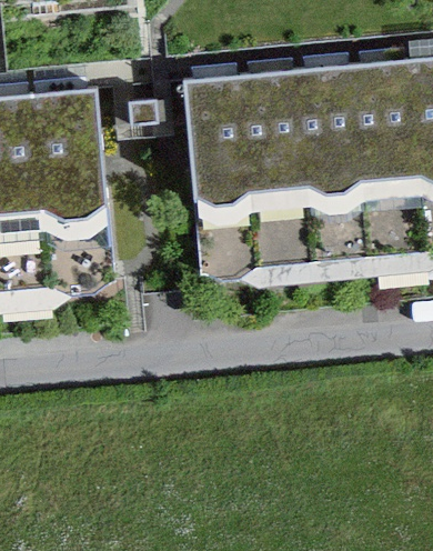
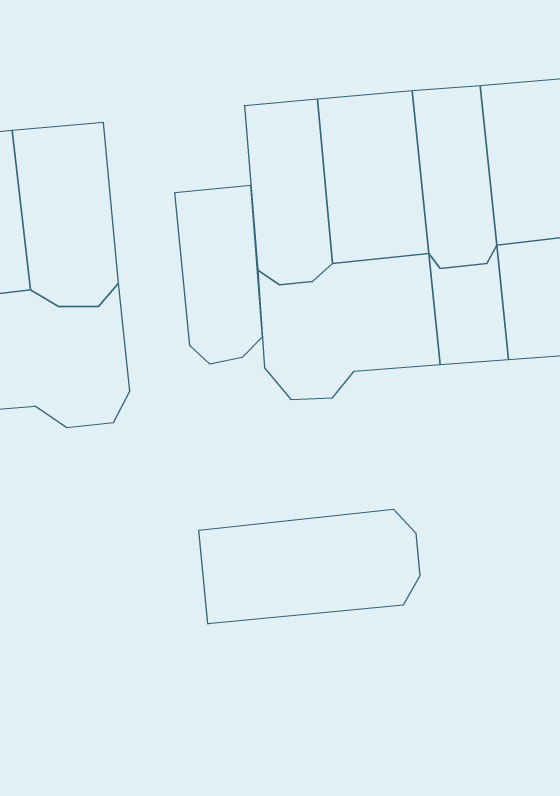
building: none -> [175,185,262,364]
building: none -> [199,509,420,624]

